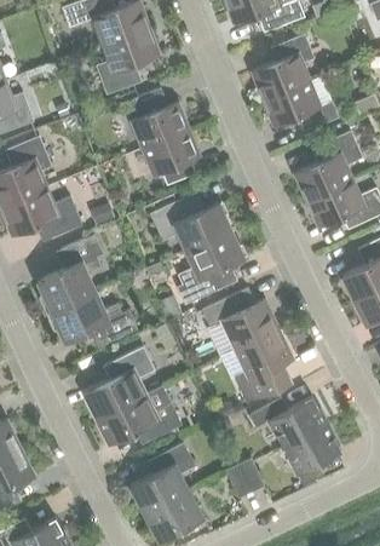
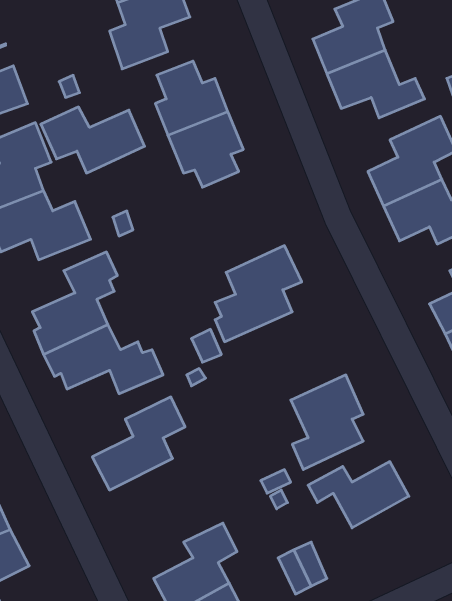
building: [150,200,230,251] -> [41,107,145,173]
building: [201,288,277,349] -> none
building: [96,387,180,444] -> none
building: [282,423,340,485] -> none

